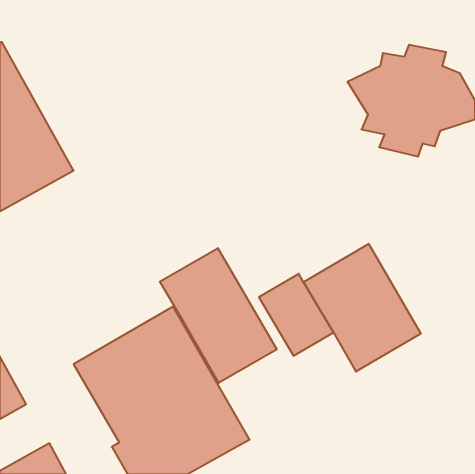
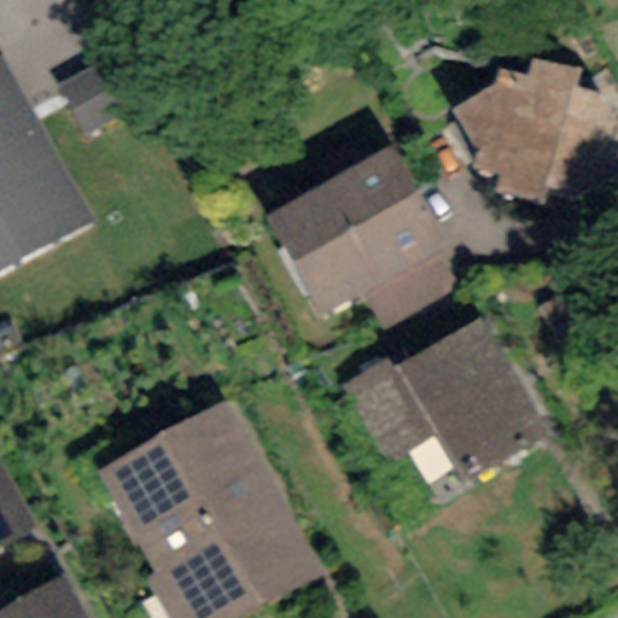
building: none -> [263,147,465,331]
building: [160,248,277,383] -> none

